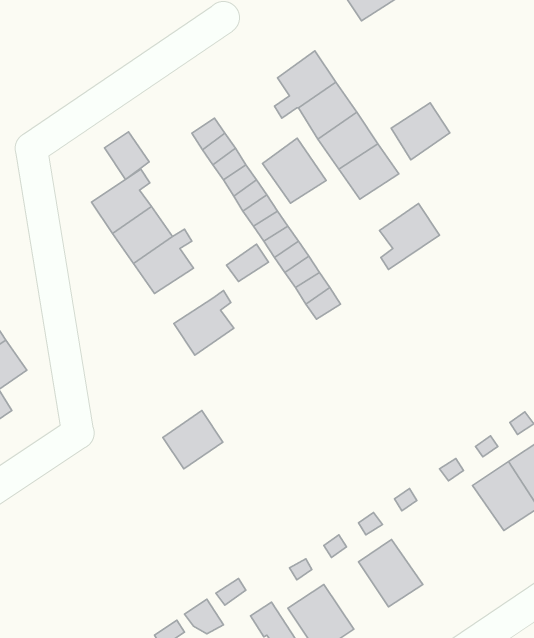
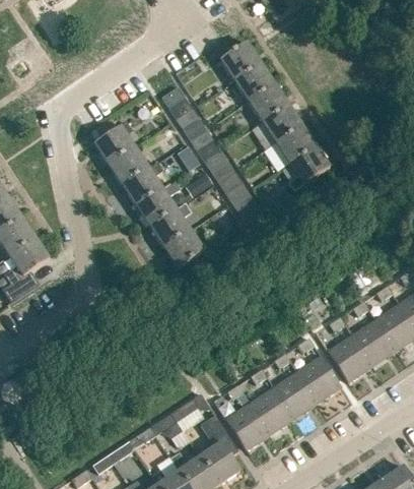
building: [391,103,450,160] -> [274,124,314,163]
building: [104,132,149,179] -> none
building: [262,138,326,203] -> none
building: none -> [135,188,175,226]
building: [163,411,223,469] -> [162,229,203,268]
building: none -> [326,335,371,382]
building: none -> [295,356,340,403]
building: none -> [250,387,293,433]

